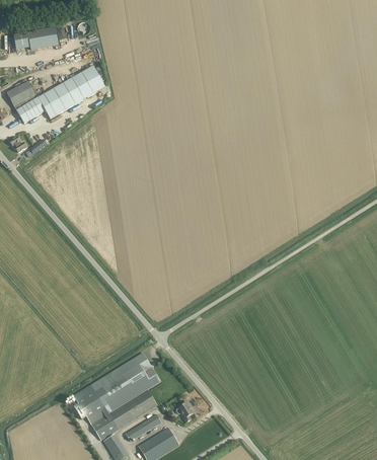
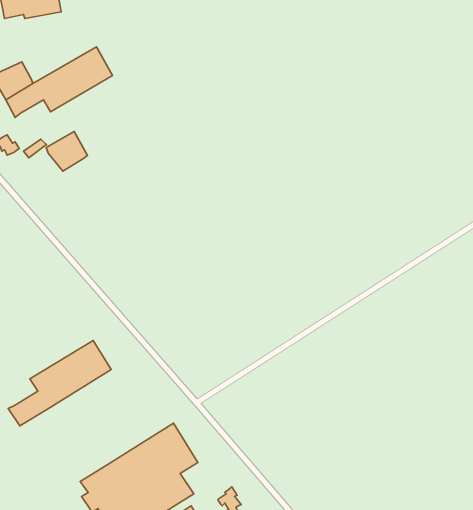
building: none -> [46,132,87,171]
building: none -> [8,340,111,426]

